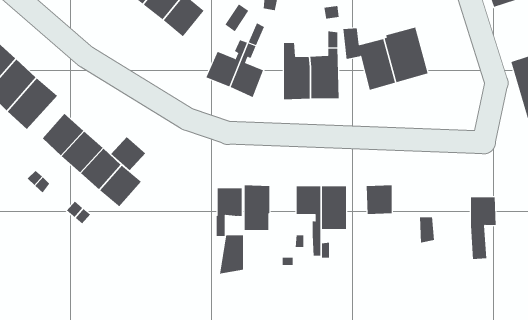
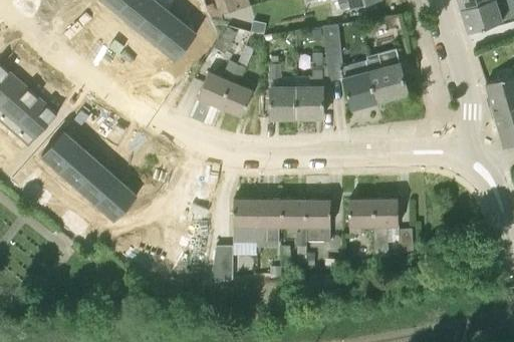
building: [110,136,146,171] -> none
building: [216,188,242,237] -> [257,201,282,247]
building: [470,197,497,259] -> [373,200,399,259]

